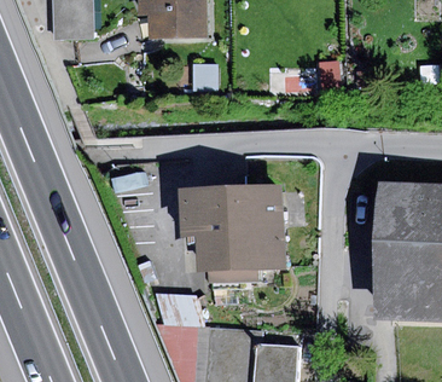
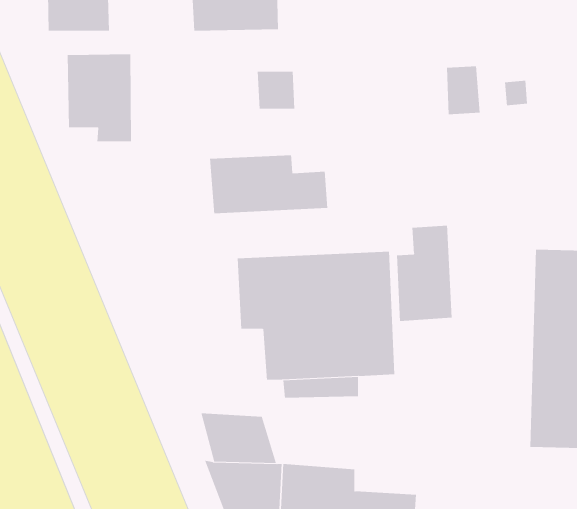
building: none -> [67,53,131,142]
building: none -> [210,155,328,214]
building: none -> [397,225,452,322]

